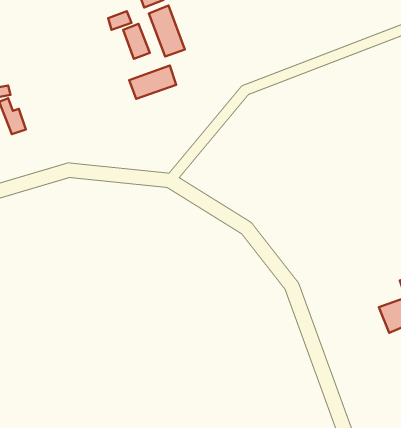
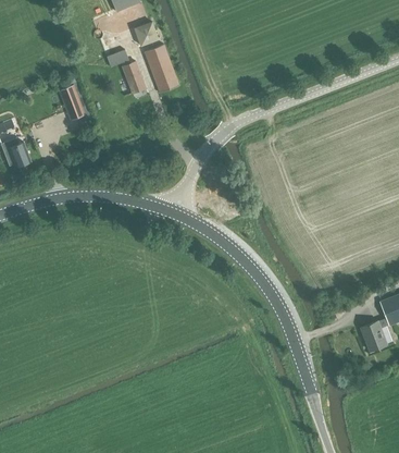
building: none -> [59,84,85,120]
building: [129,66,176,99] -> none

